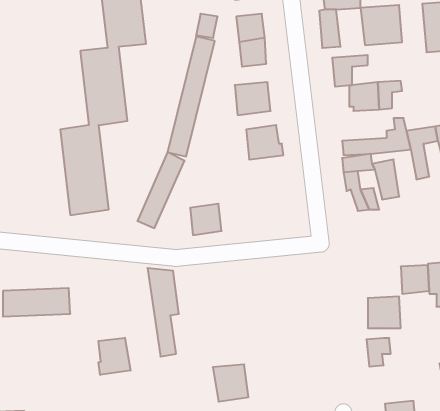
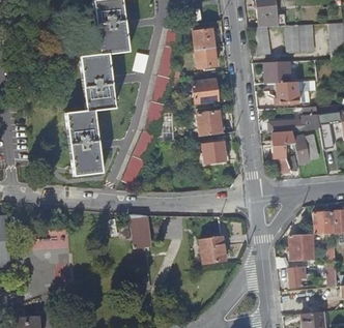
building: [190,204,222,235] -> [203,142,226,165]
building: [98,338,130,375] -> none
building: [213,364,248,402] -> [200,237,226,264]

